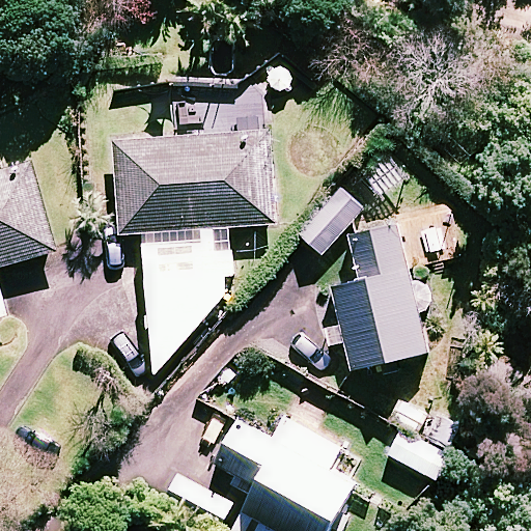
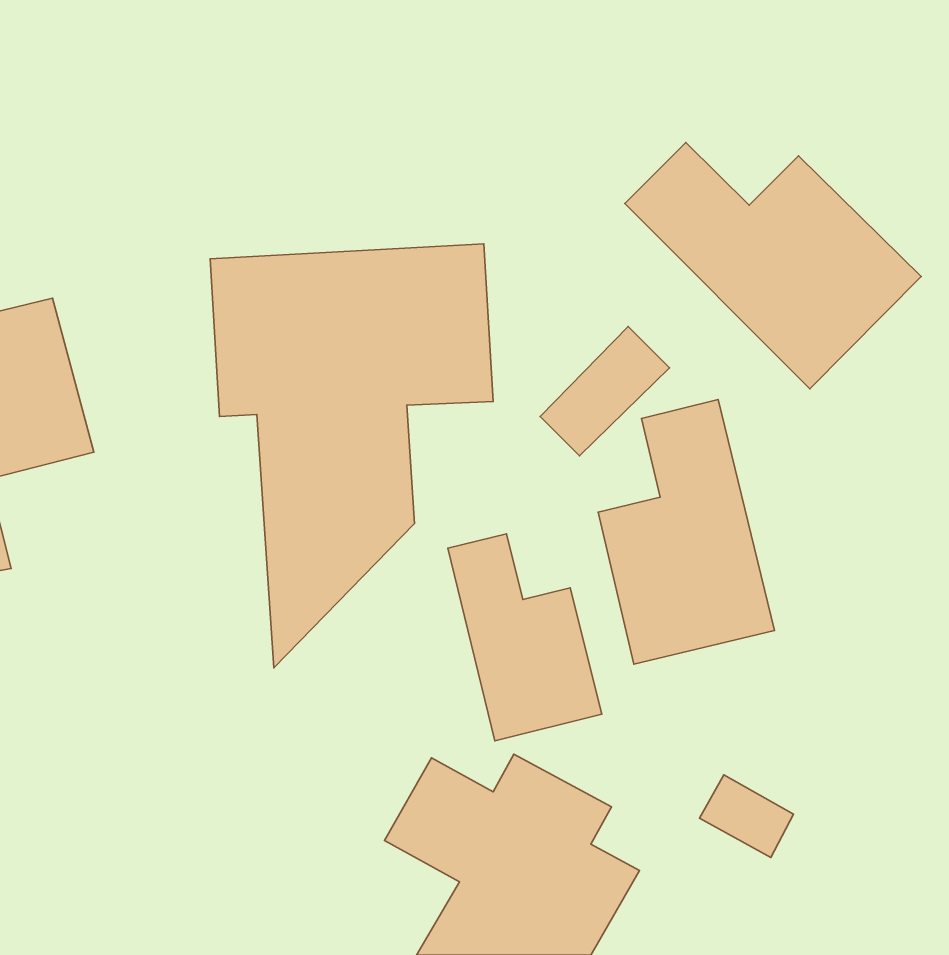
building: none -> [625,142,921,389]
building: none -> [448,534,602,741]

